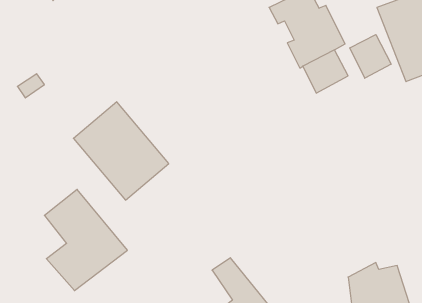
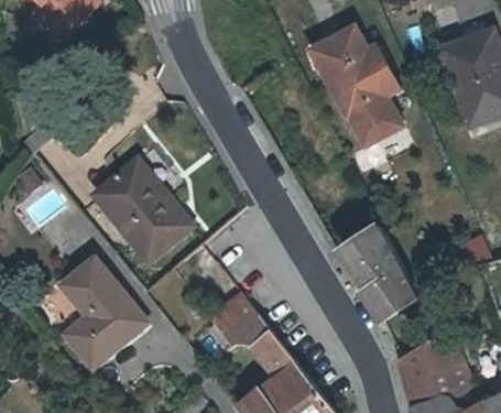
building: [350,35,391,78] -> none
building: none -> [340,230,416,324]
building: none -> [209,292,269,347]

